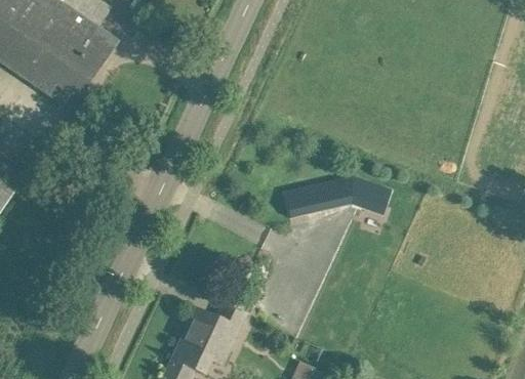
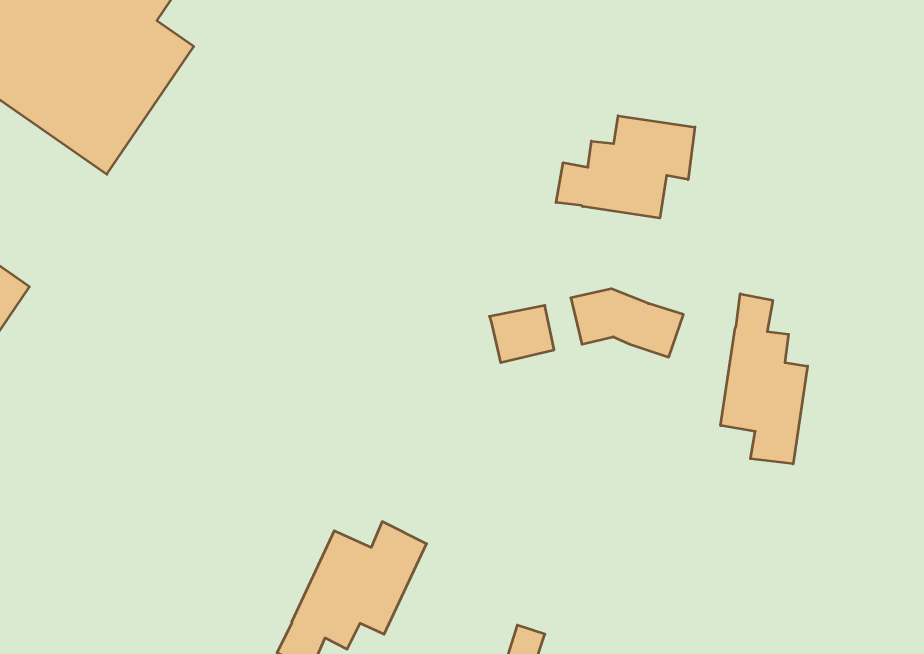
building: none -> [556,116,695,218]
building: none -> [721,294,808,464]

